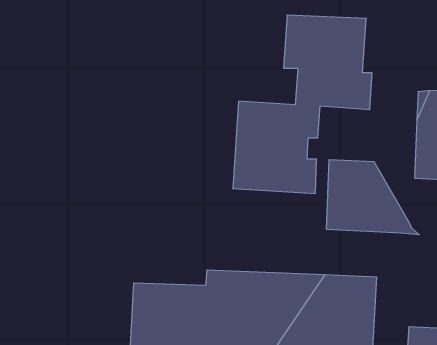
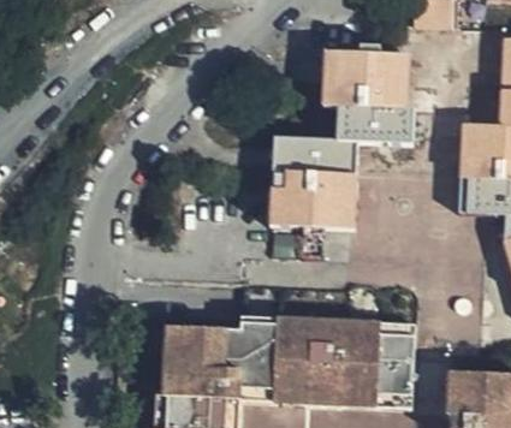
building: [327,160,419,235] -> none

